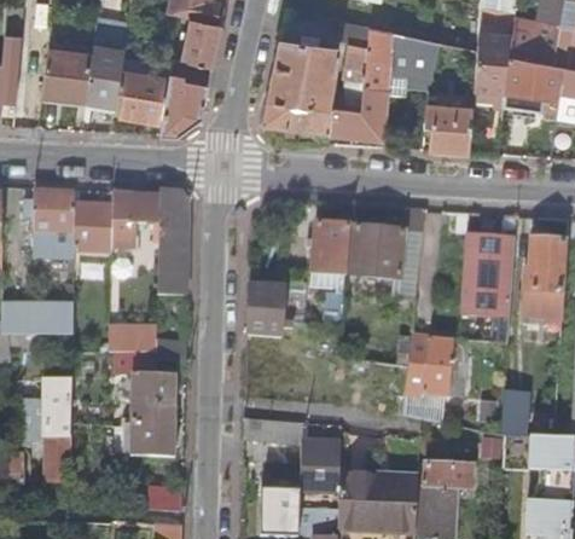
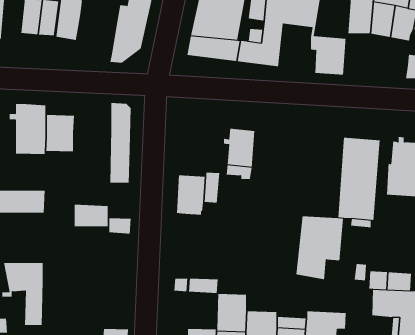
building: [117,70,168,123] -> none
building: [111,192,159,243] -> none
building: [353,208,425,295] -> none
building: [130,372,176,458] -> none

